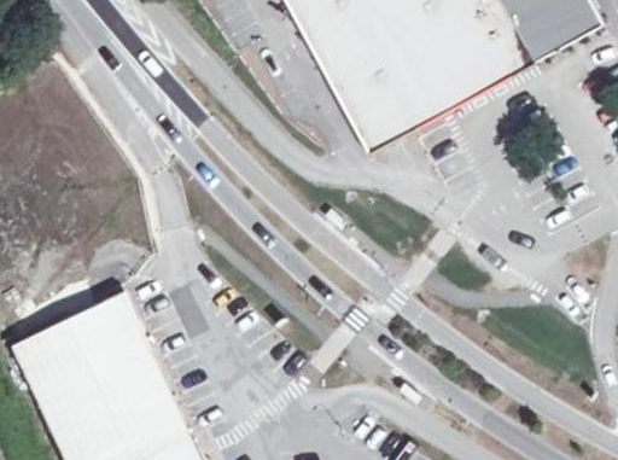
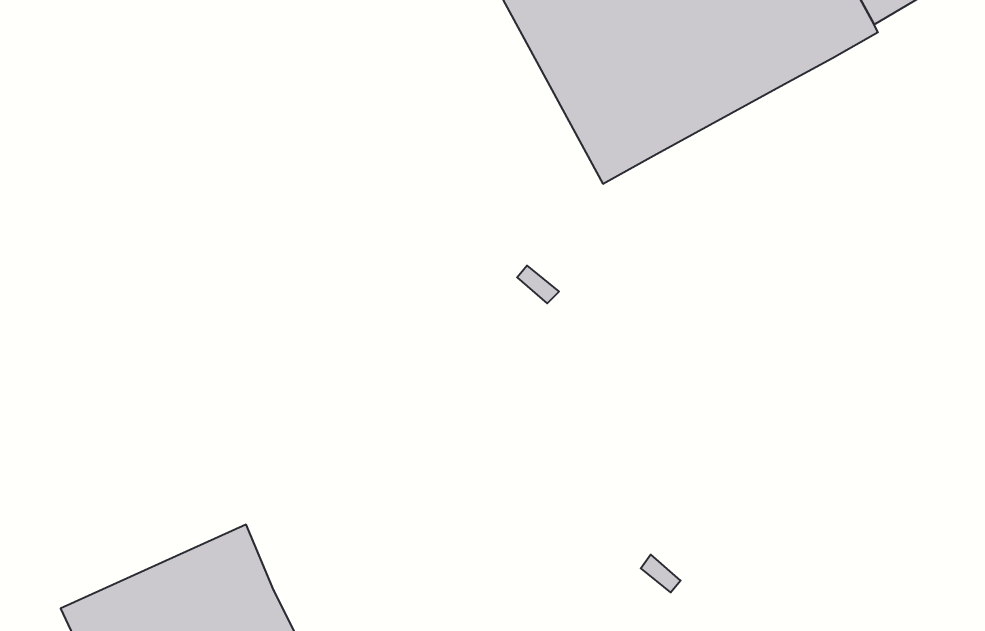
building: [11,293,153,412] -> none

